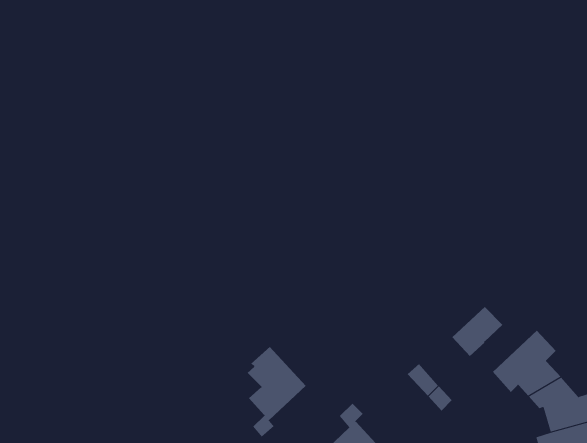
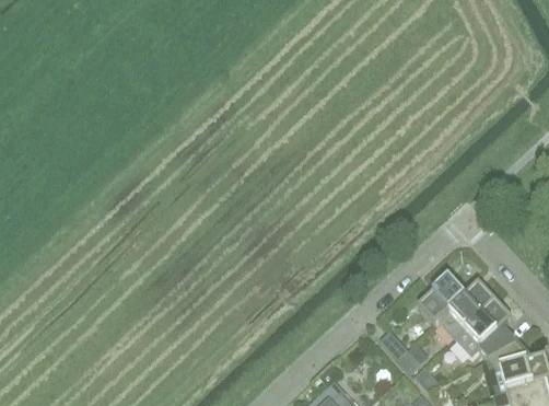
building: none -> [435,283,494,337]
building: [247,346,307,438] -> none

